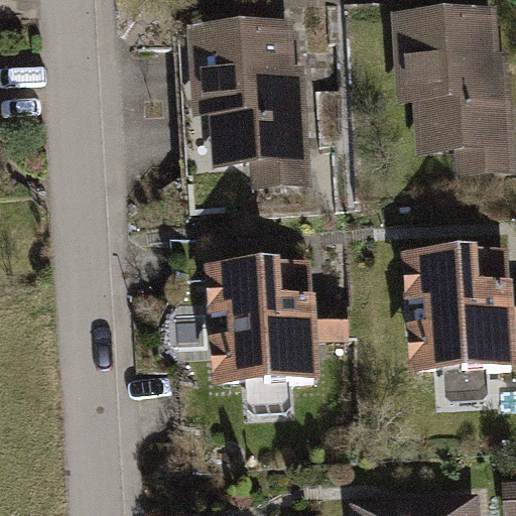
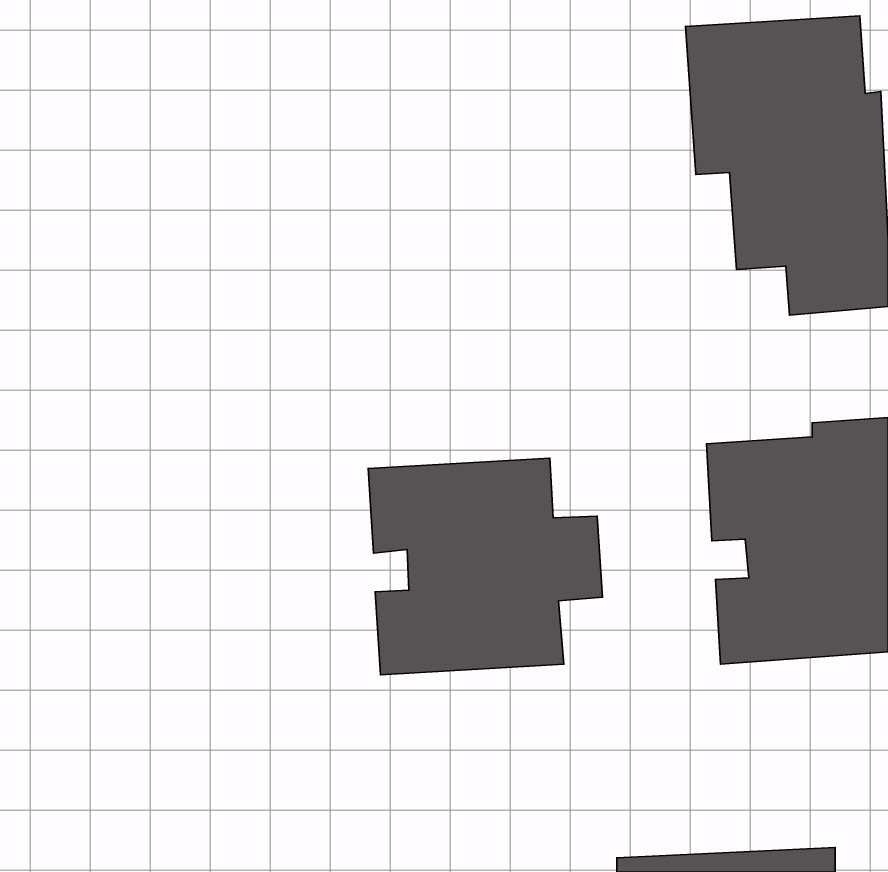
building: [189,27,308,199] -> none

